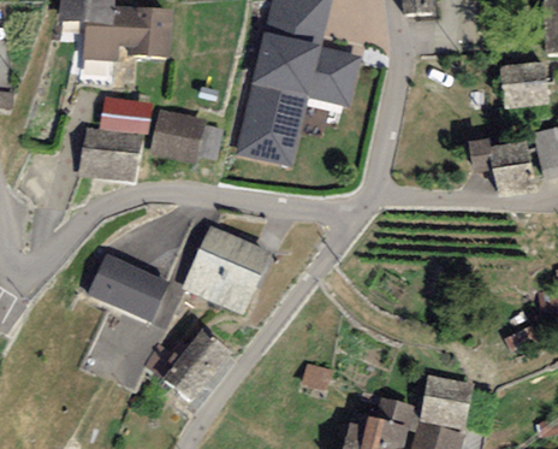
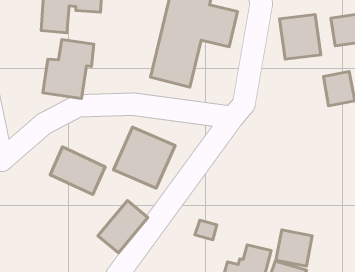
building: none -> [279,14,321,59]
building: [149,106,207,160] -> none

